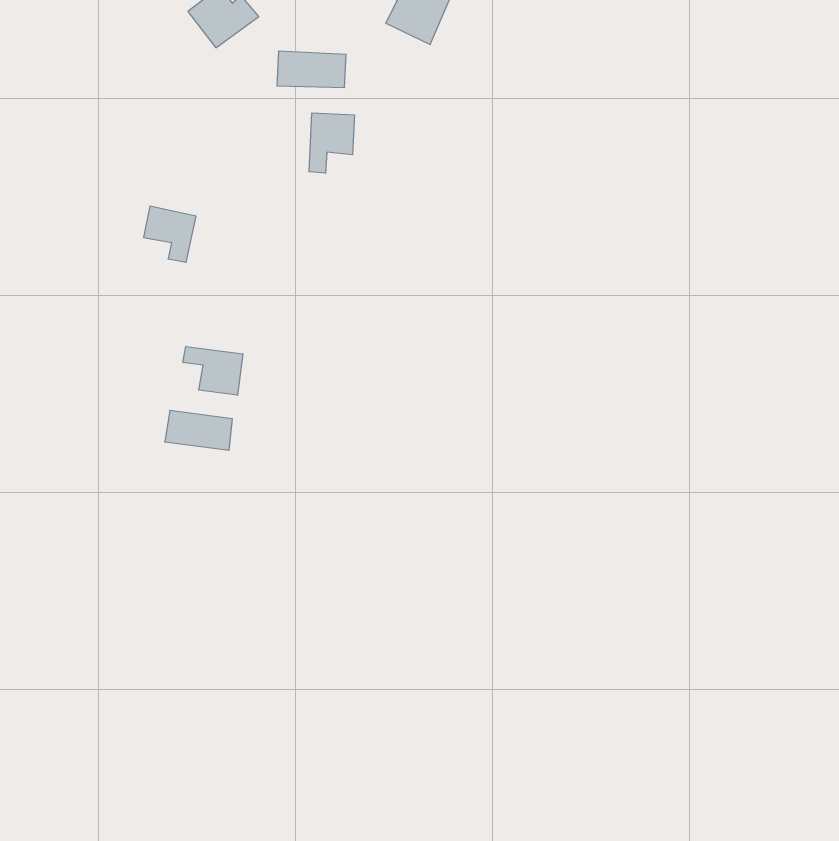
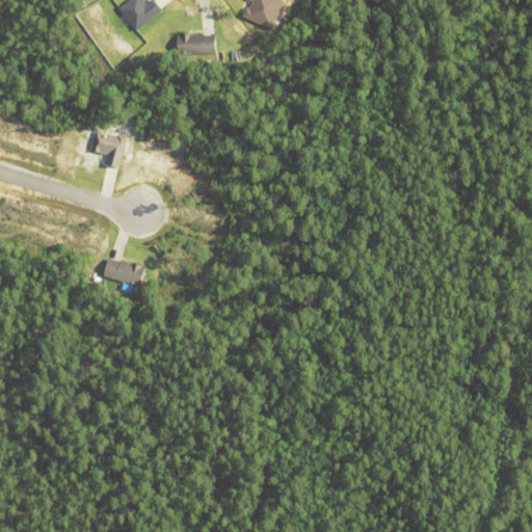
building: [309,113,354,173] -> none
building: [183,346,243,395] -> none

